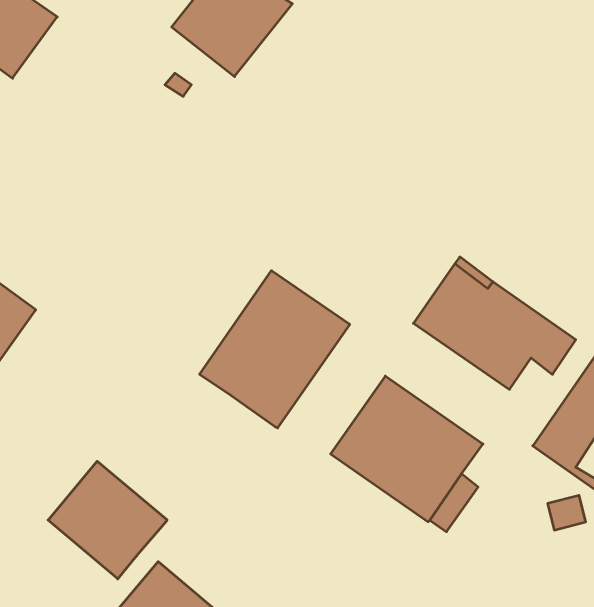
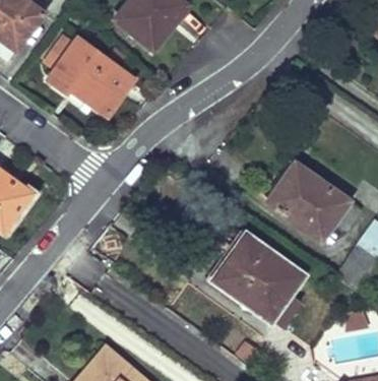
building: none -> [47,37,135,116]
building: [200,271,350,428] -> none
building: [48,461,167,579] -> none

